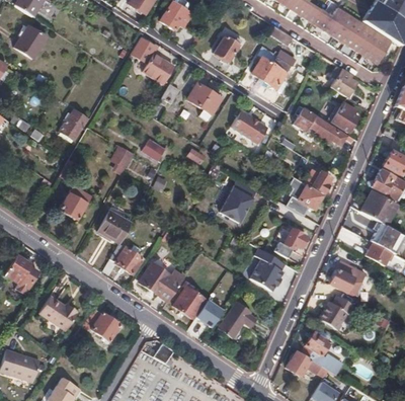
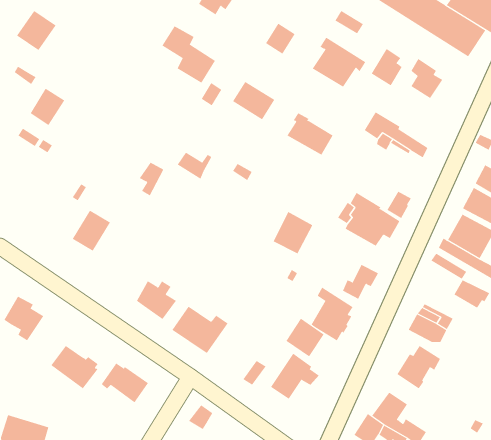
building: [332,102,357,133] -> [371,48,402,86]
building: [59,108,87,139] -> [30,88,65,126]
building: [99,212,132,243] -> none
building: [174,287,206,318] -> [285,318,325,357]

